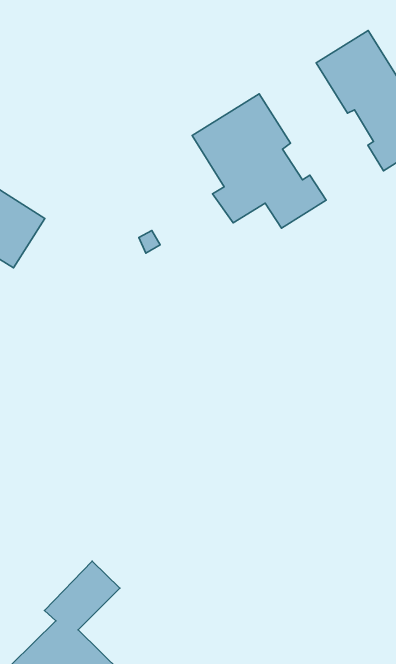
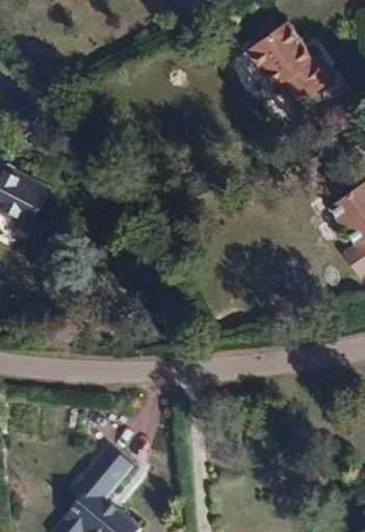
building: [192,94,326,228] -> none

